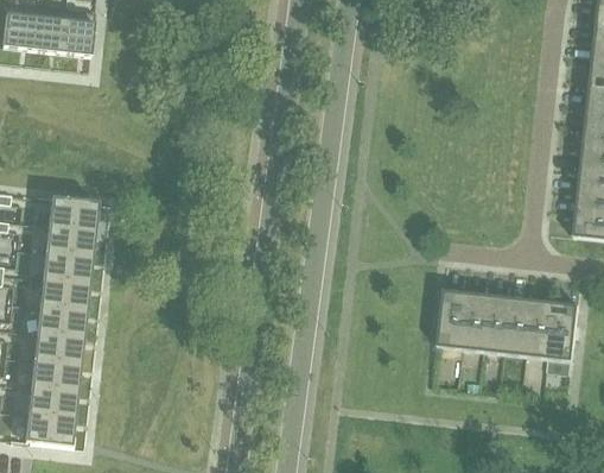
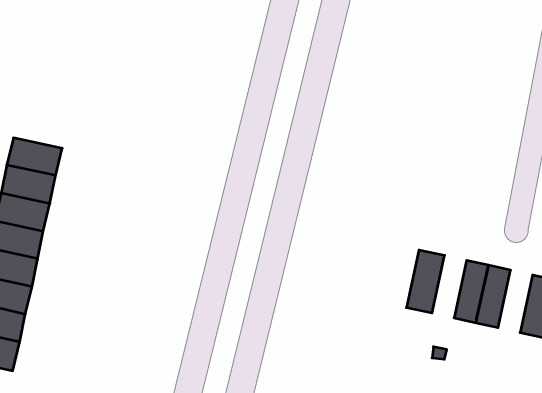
building: [50,196,100,229] -> none
building: [465,291,492,349] -> none
building: [529,298,557,357] -> none

